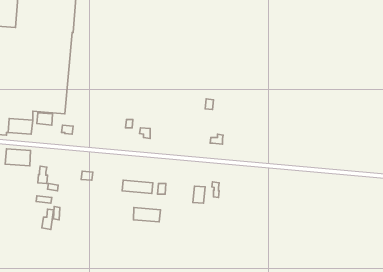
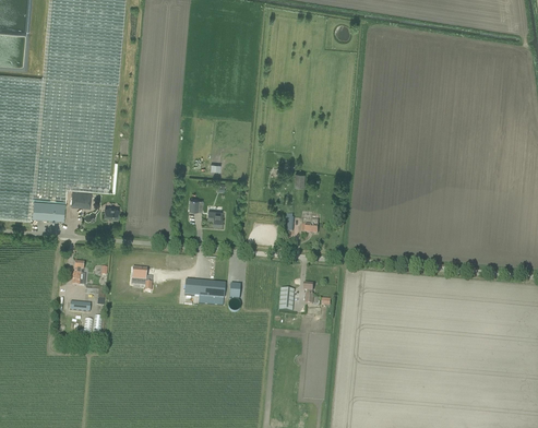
building: [5,149,30,166] -> none
building: [134,207,160,222] -> none

